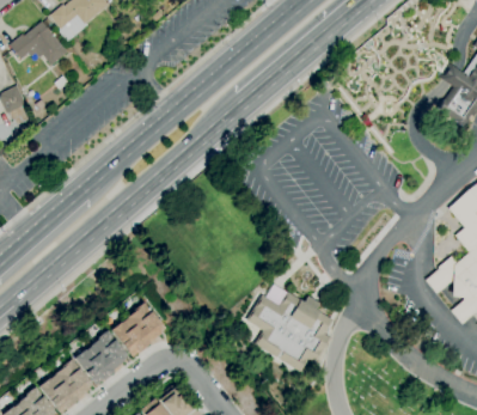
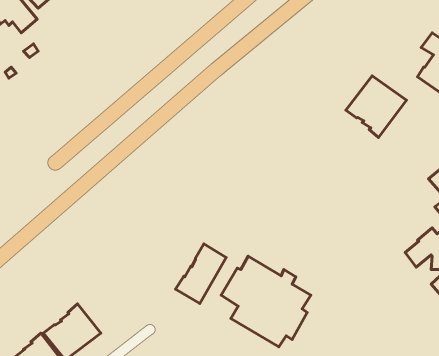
building: none -> [346,76,407,137]
building: none -> [176,244,226,303]
building: [110,303,164,358] -> none

